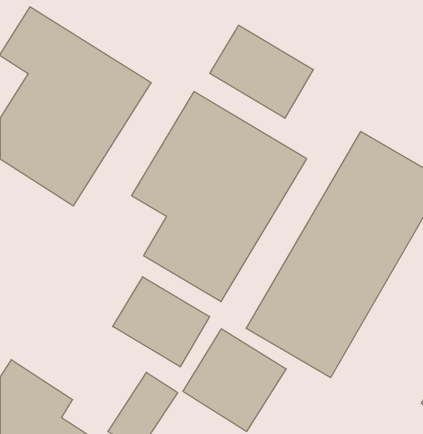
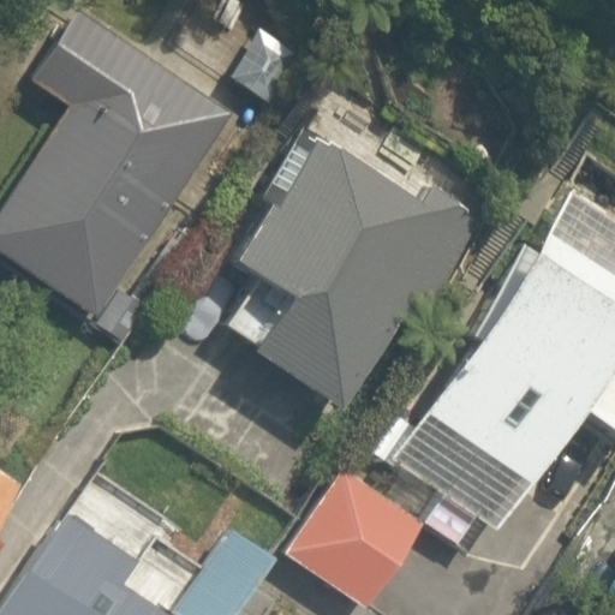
building: [210,25,313,118] -> none
building: [113,277,210,367] -> none

